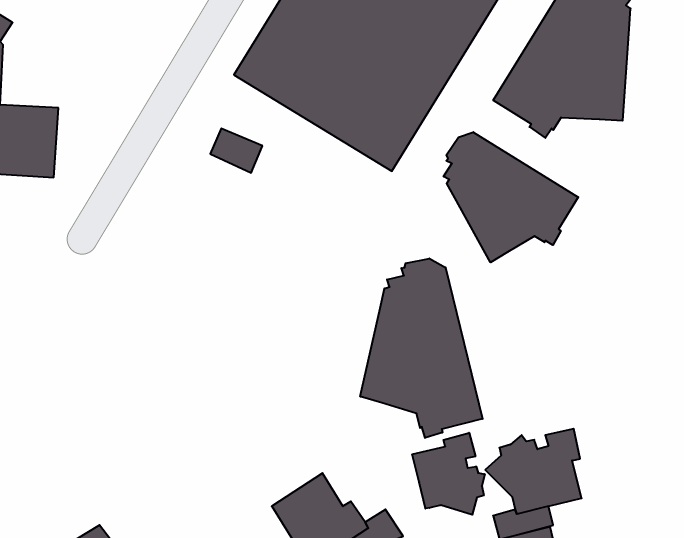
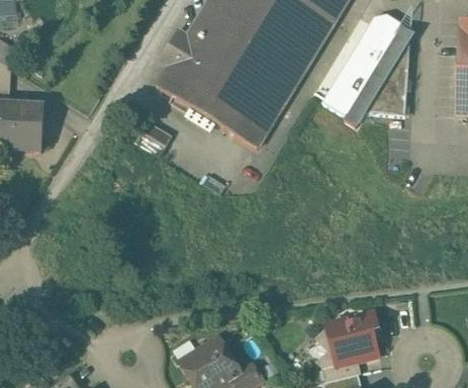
building: [444,132,578,262] -> none
building: [360,258,483,438] -> none
building: [412,433,485,515] -> none

